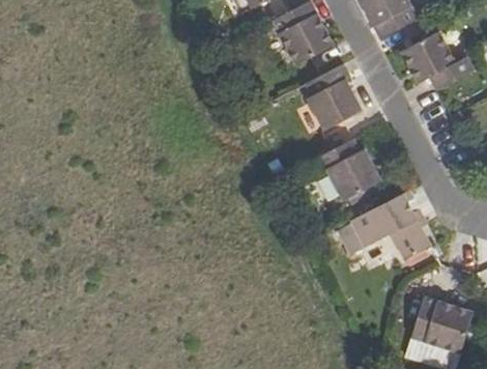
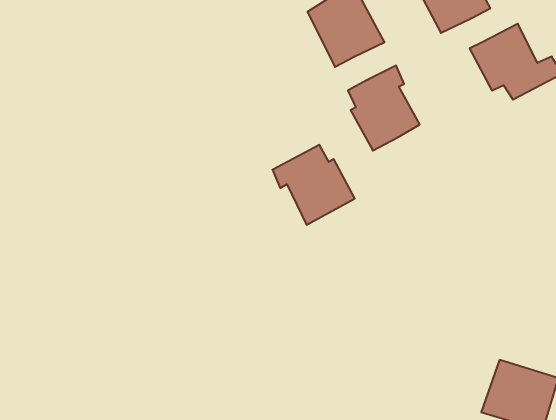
building: [315,139,380,202] -> [272,145,355,225]
building: [350,190,431,260] -> none

